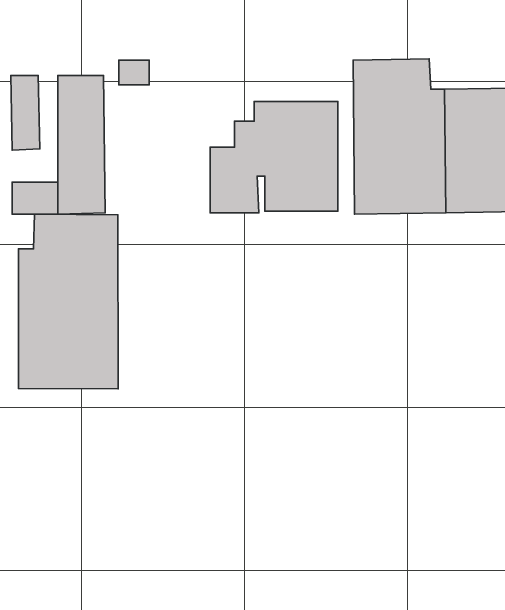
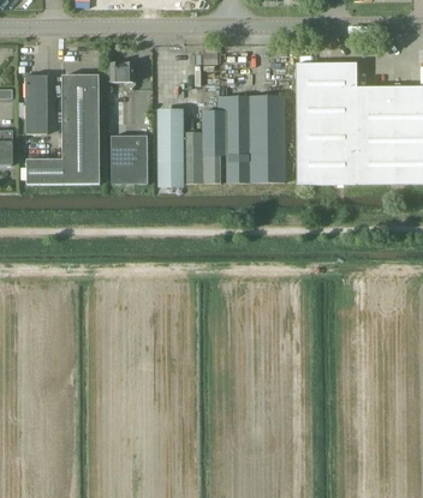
building: none -> [159,110,183,182]
building: none -> [112,136,148,184]
building: [18,214,118,389] -> none

